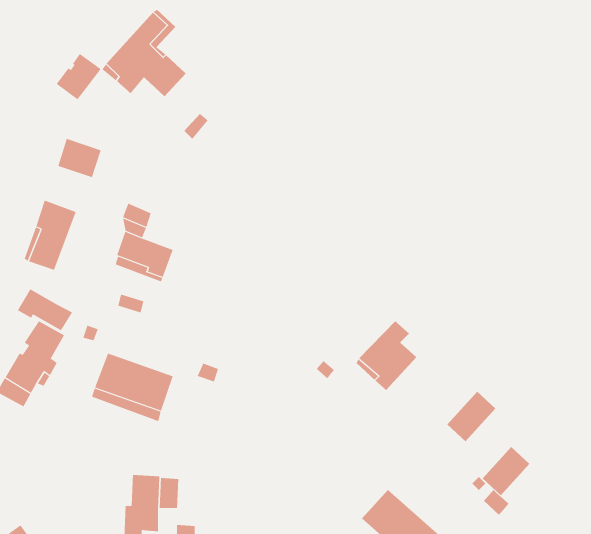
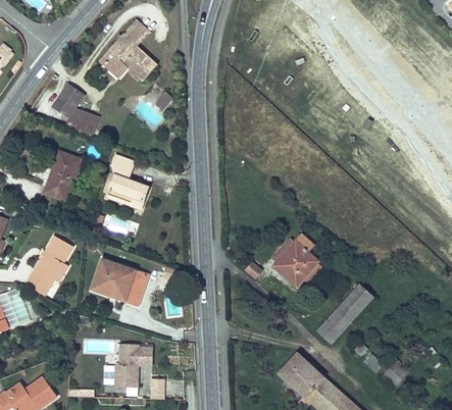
building: [56,53,101,100] -> [52,85,84,117]
building: [17,289,73,332] -> none
building: [482,446,530,496] -> [317,308,351,343]

